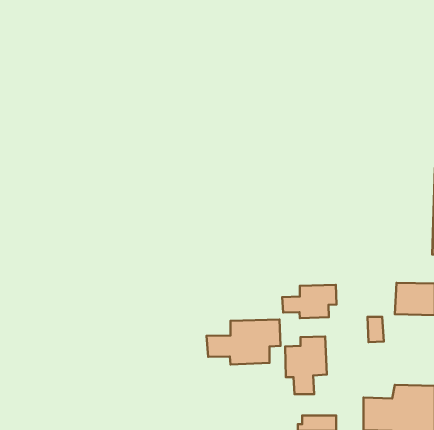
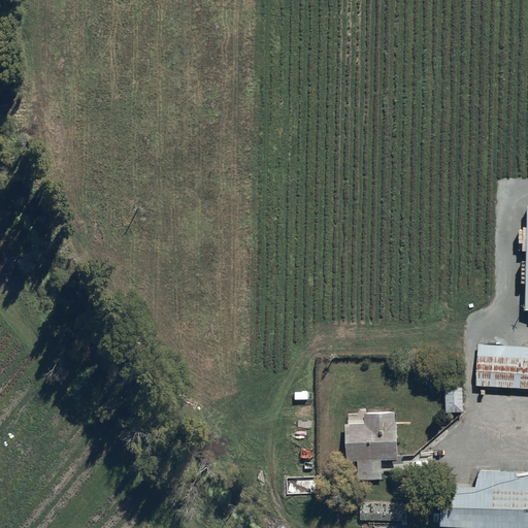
building: [282,285,337,318] -> none
building: [206,320,280,365] -> none

